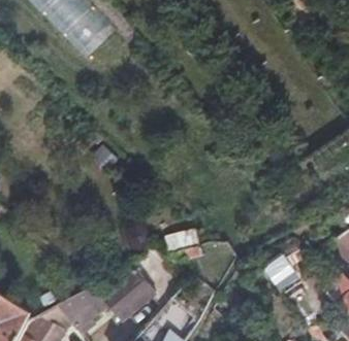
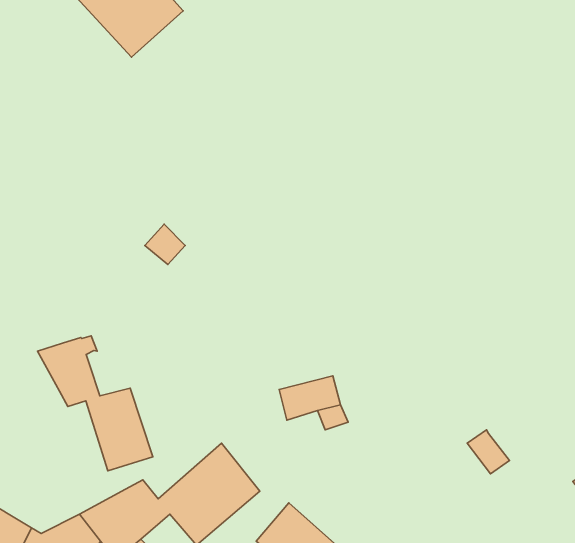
building: none -> [38,336,153,471]

